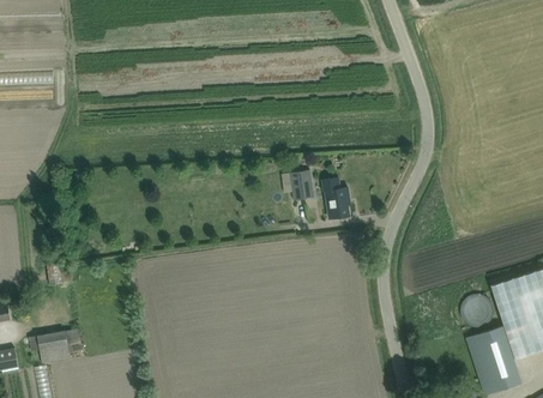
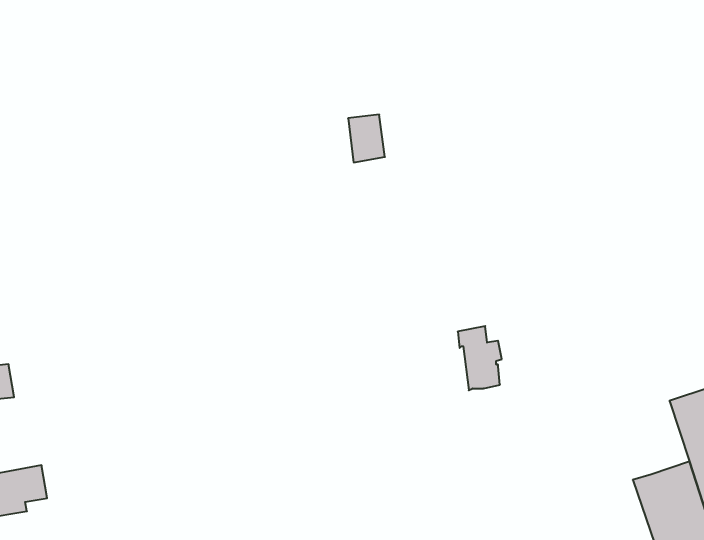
building: [290,170,314,201] -> [348,115,385,162]
building: [321,177,350,219] -> [458,326,502,390]

